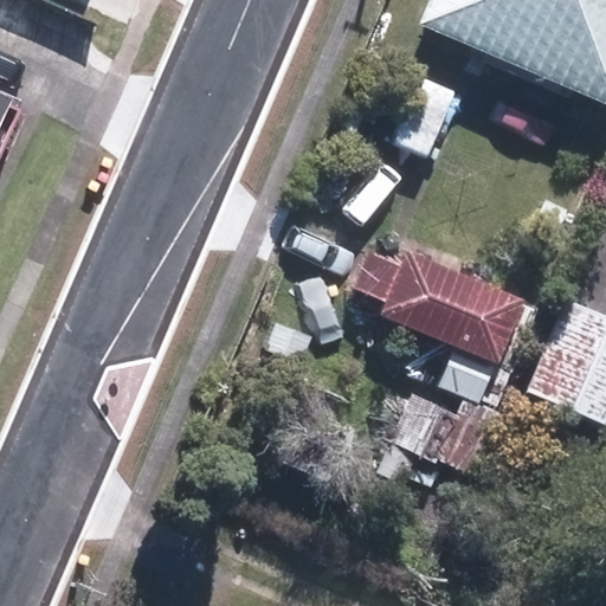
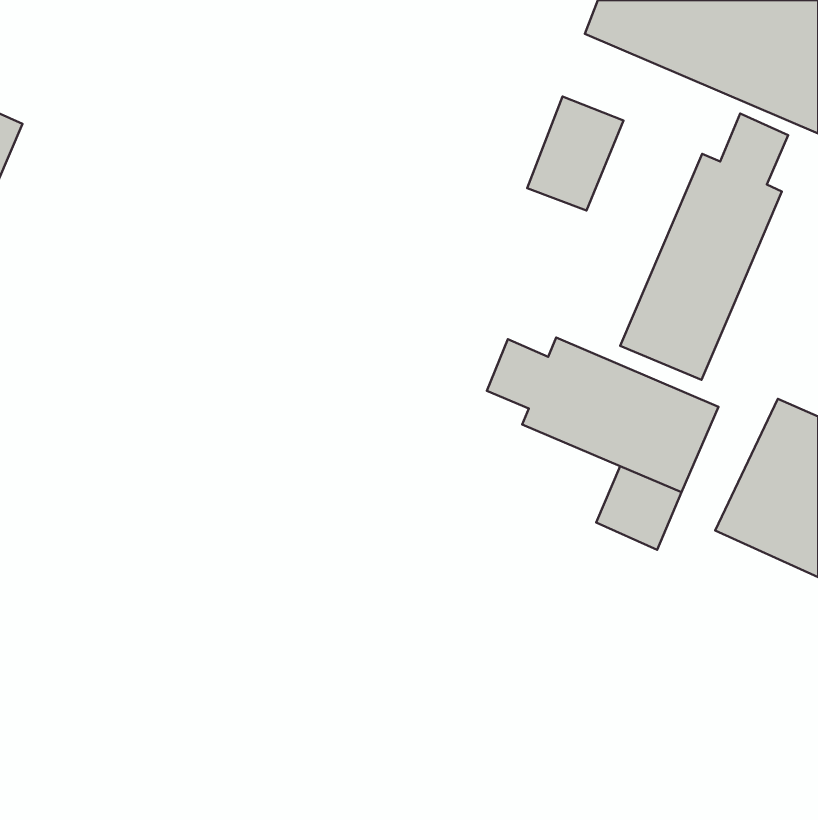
building: none -> [620,114,788,380]

